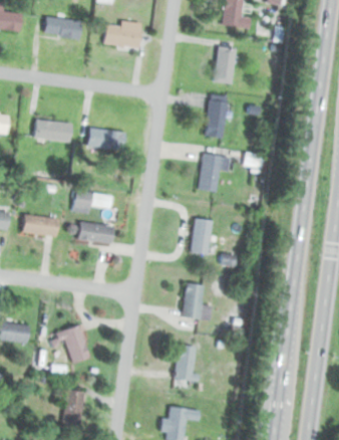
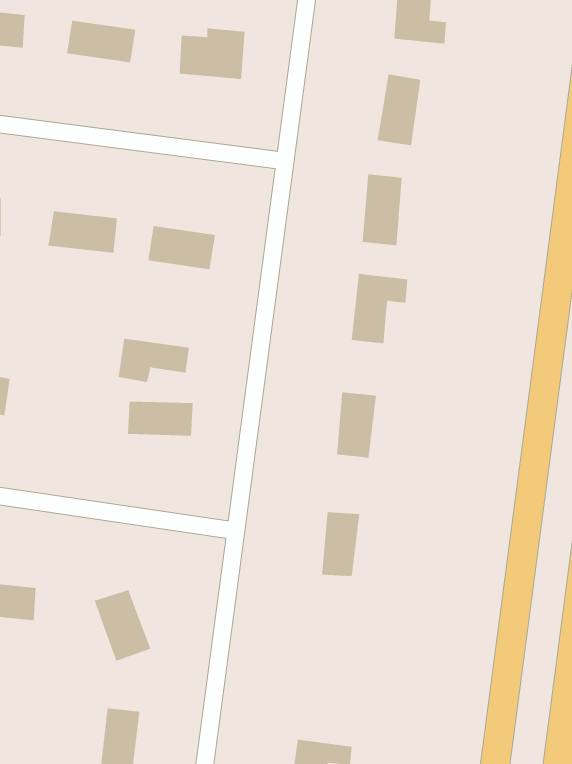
building: [22,214,58,237] -> none
building: [176,346,195,381] -> none

